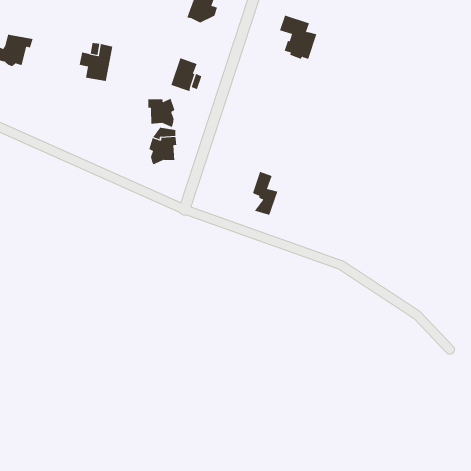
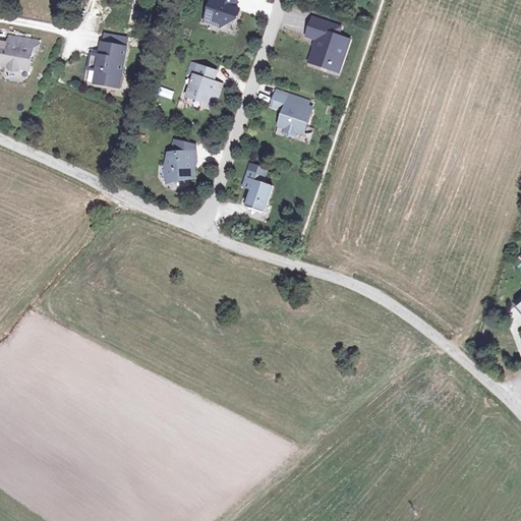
building: none -> [266,85,310,136]
building: [148,98,175,128] -> none
building: [252,171,278,216] -> [244,162,273,211]

